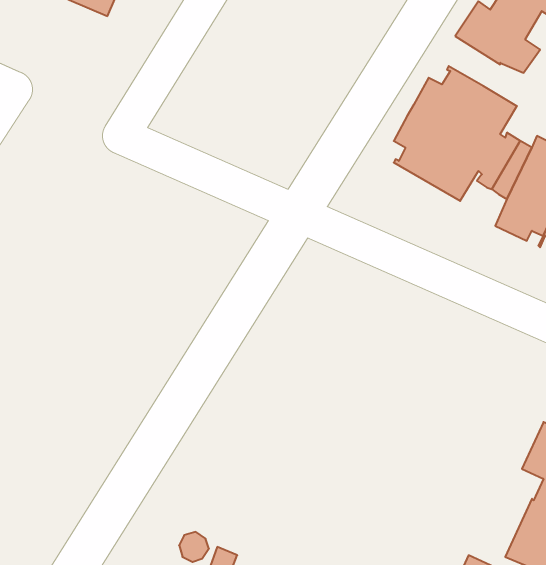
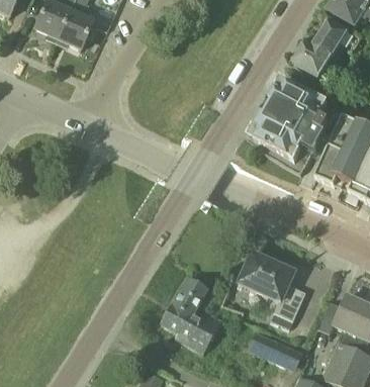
building: none -> [239,253,305,319]
building: none -> [161,277,221,352]
building: none -> [257,337,293,368]

